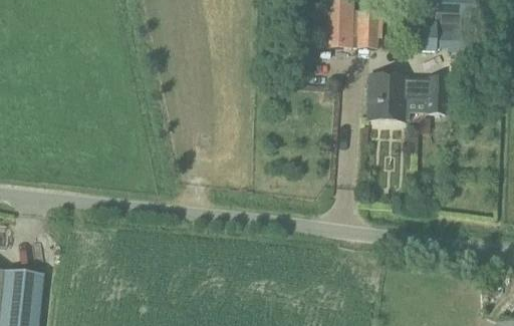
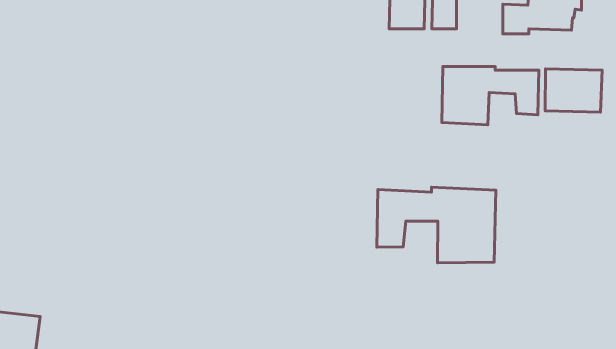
building: none -> [545,69,602,112]
building: none -> [377,187,496,263]

